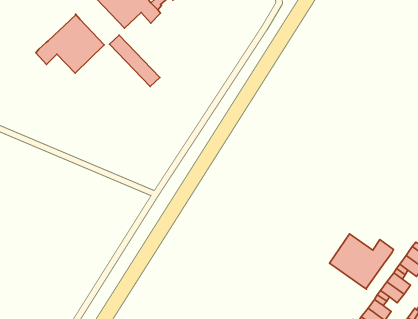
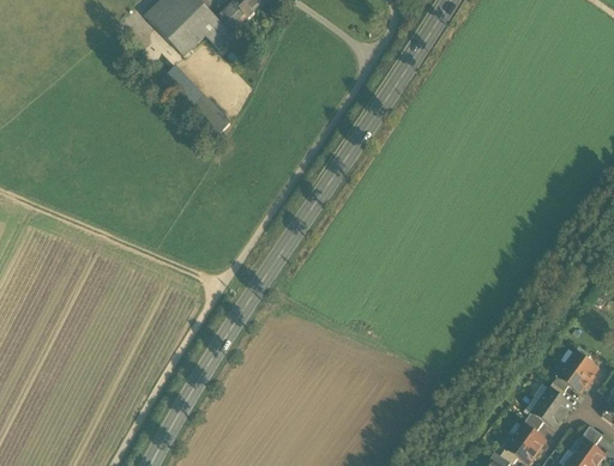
building: [36,14,104,73] -> none
building: [330,234,394,289] -> none

